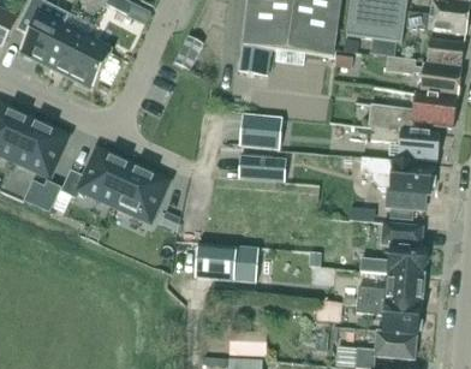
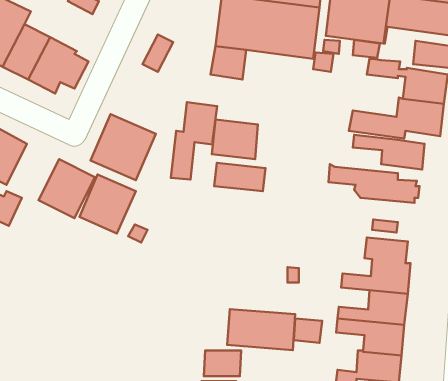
building: none -> [171,102,217,179]
building: none -> [90,114,156,180]
building: [196,244,260,282] -> [227,309,295,350]

